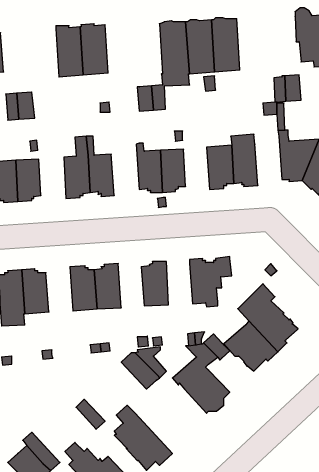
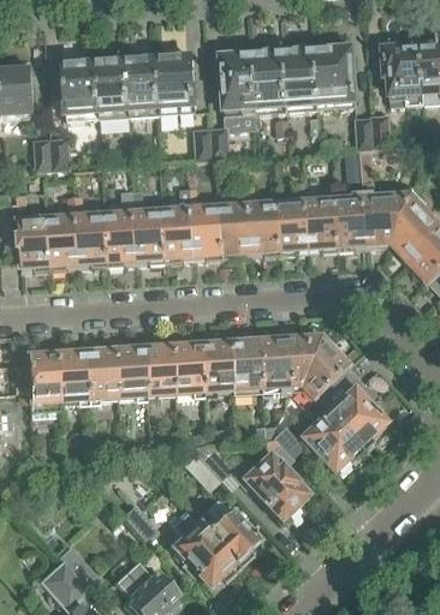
building: none -> [313,44,356,109]
building: none -> [155,52,195,113]
building: none -> [63,58,99,118]
building: none -> [162,185,196,259]
building: none -> [334,189,367,247]
building: none -> [249,202,280,252]
building: none -> [76,214,108,264]
building: none -> [289,333,349,398]
building: none -> [228,338,260,390]
building: none -> [171,341,202,394]
building: none -> [84,345,117,399]
building: none -> [191,496,255,568]

